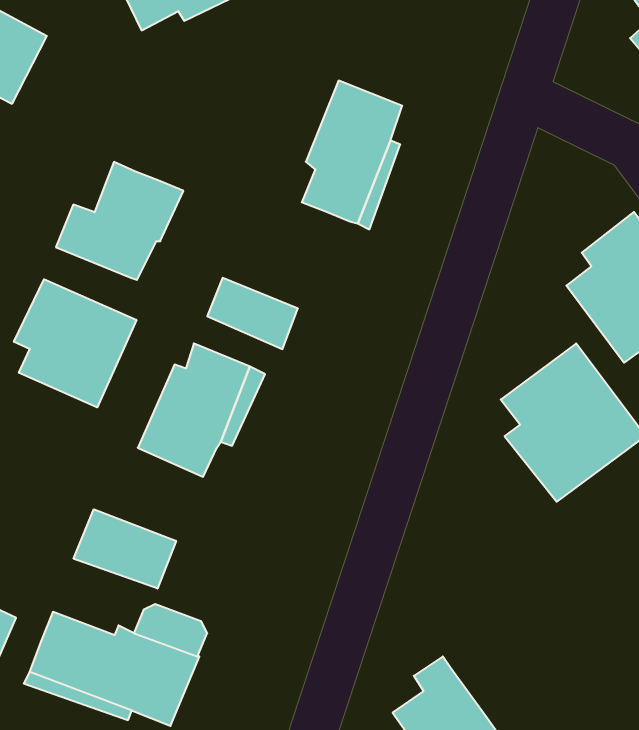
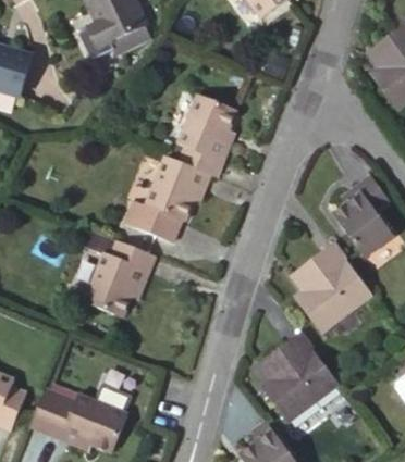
building: [56,162,183,280] -> [136,158,208,224]
building: [14,279,136,407] -> none
building: none -> [258,329,335,417]
building: [74,509,176,589] -> none

